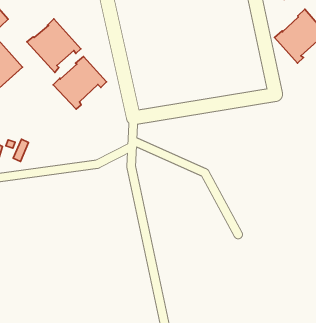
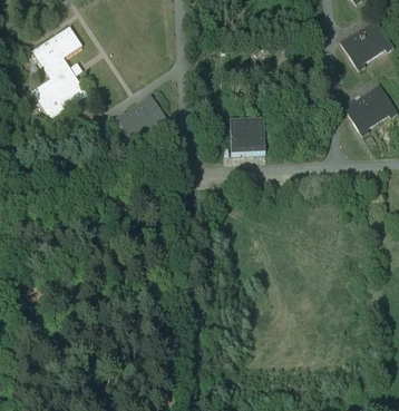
building: [27,19,81,72] -> none
building: none -> [227,120,263,155]

